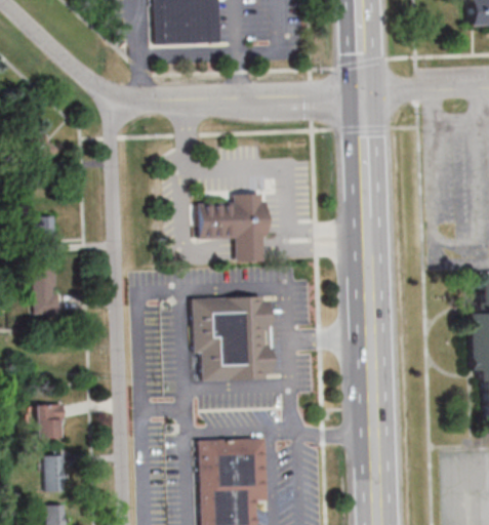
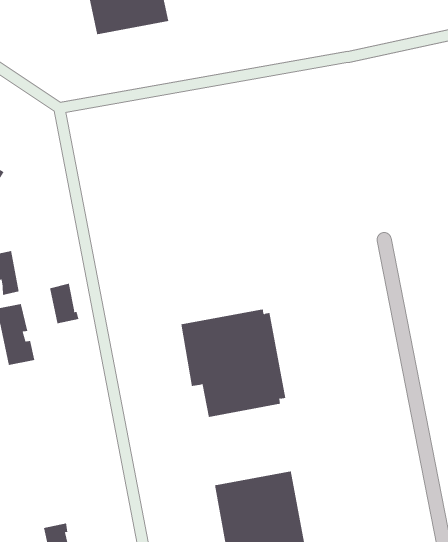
building: [199,193,268,261] -> none
building: none -> [49,283,79,324]
building: [37,403,66,438] -> none

